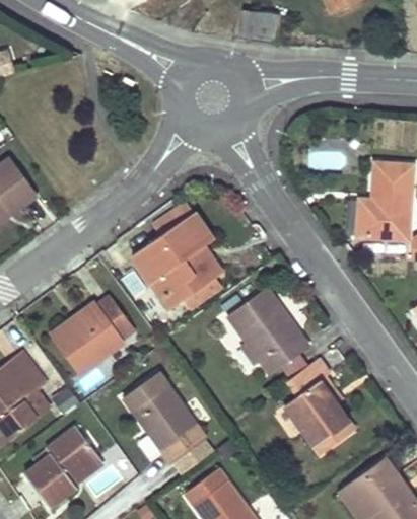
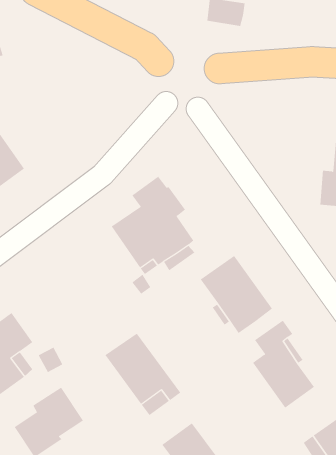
building: [54,299,134,374] -> none

